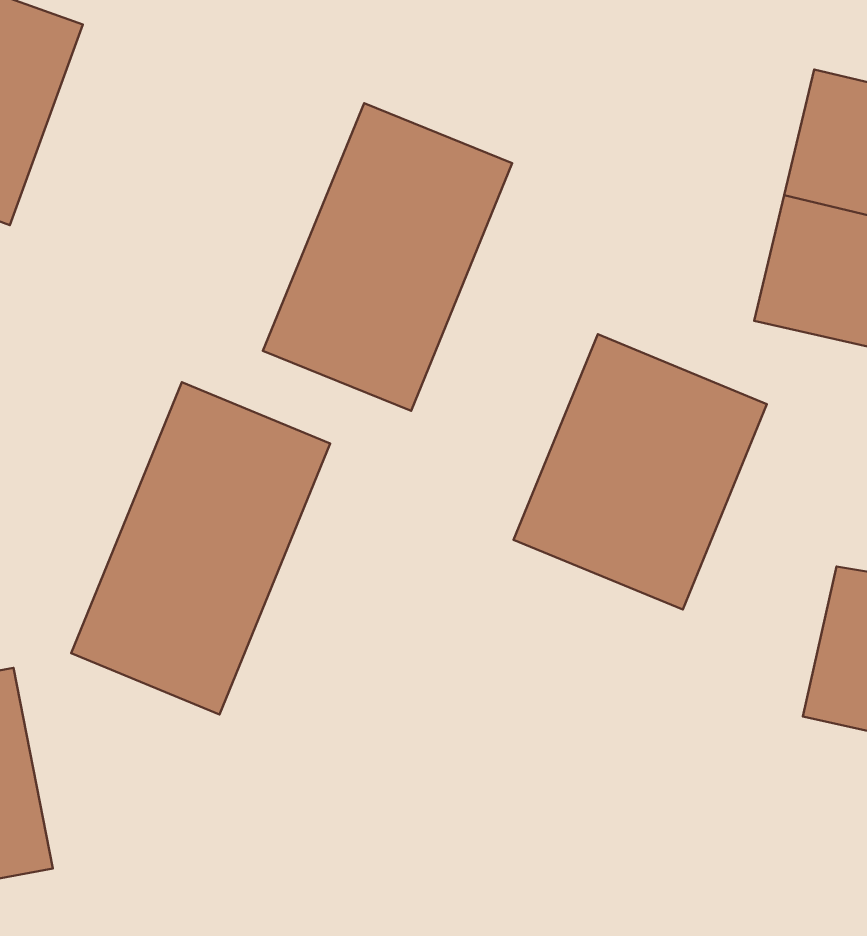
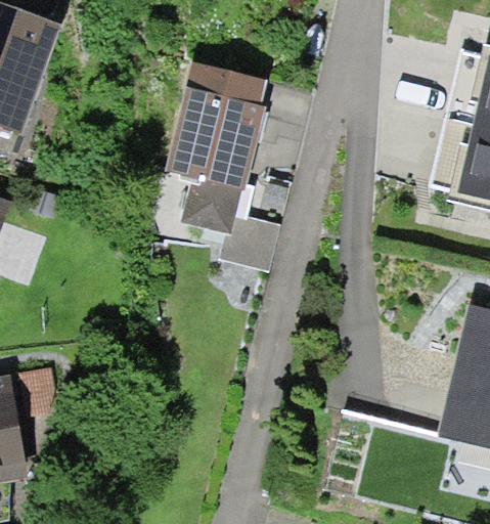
building: [514,334,767,610] -> none
building: [71,382,330,714] -> none

